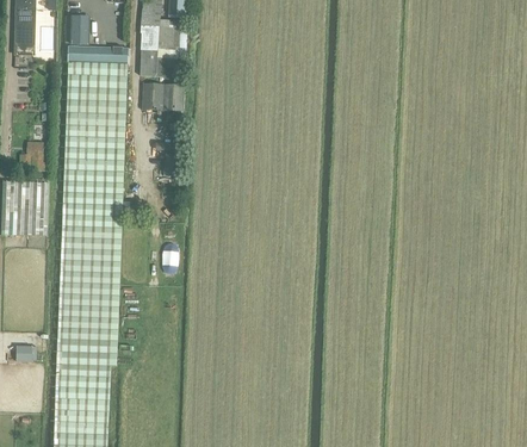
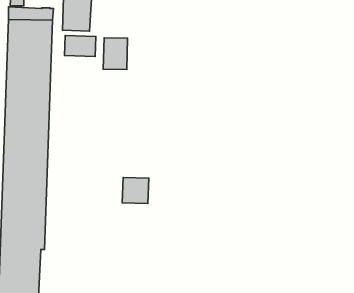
building: none -> [103,38,128,69]
building: none -> [122,178,149,204]

